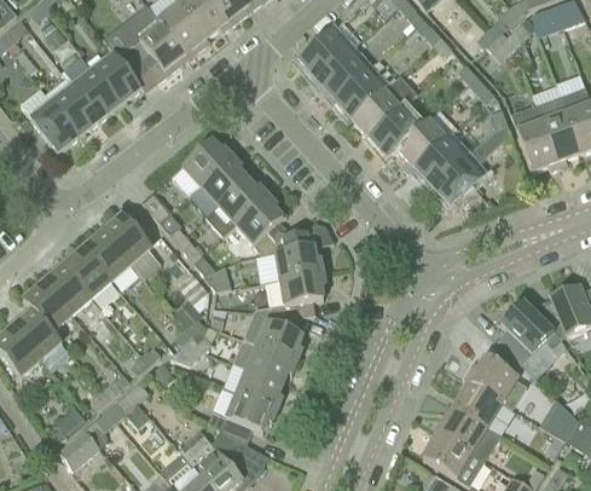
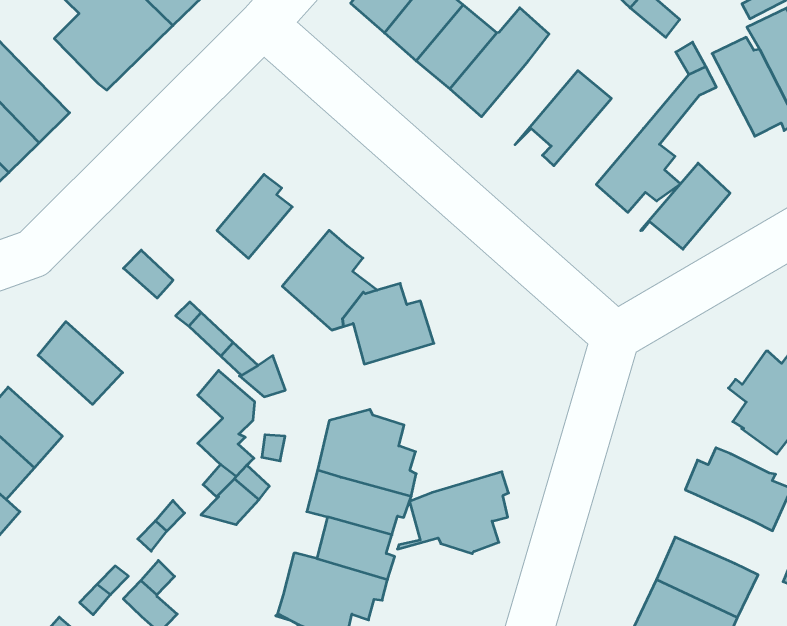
building: [94,53,140,104] -> none
building: [369,108,430,157] -> none
building: [409,137,465,187] -> [641,163,730,249]
building: [182,139,233,186] -> none
building: [205,178,268,236] -> none
building: [103,213,152,265] -> none
building: [63,248,112,299] -> none
building: [254,271,325,318] -> [397,472,509,554]
building: [453,382,502,427] -> none

